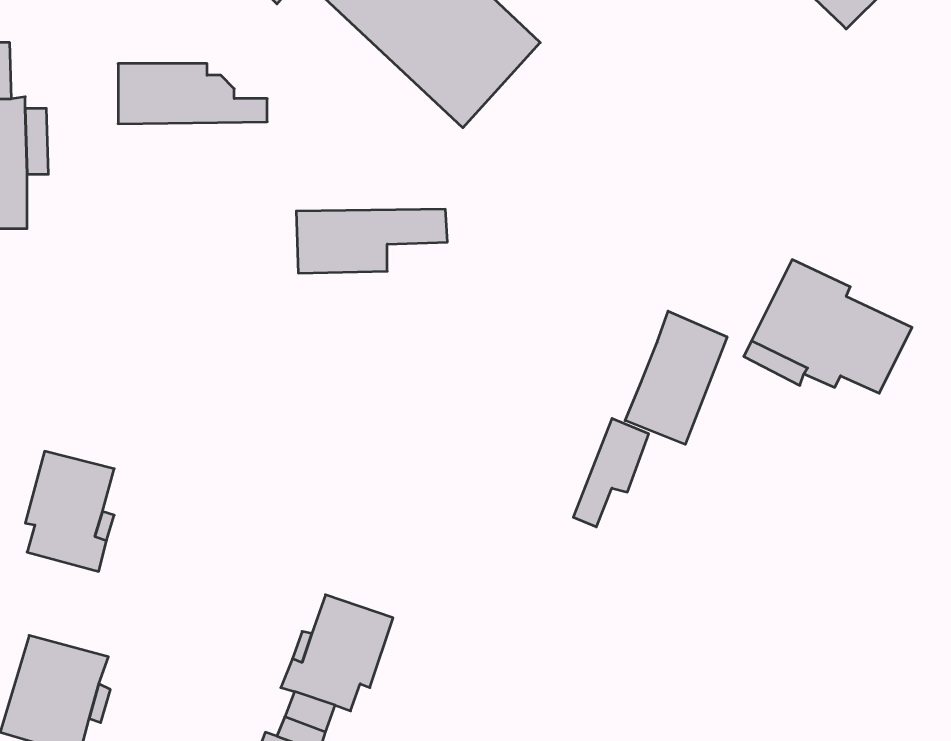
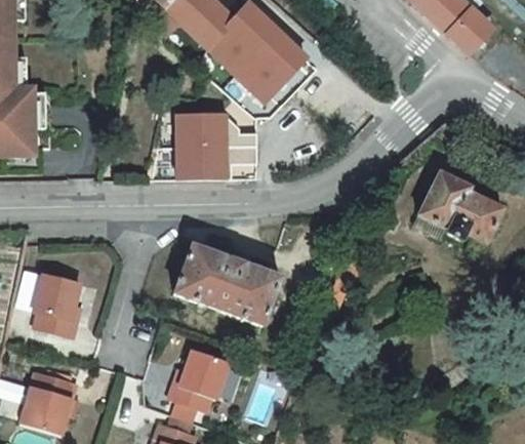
building: [118,64,267,124] -> [176,115,255,147]
building: [625,311,727,444] -> none
building: none -> [173,244,280,325]

